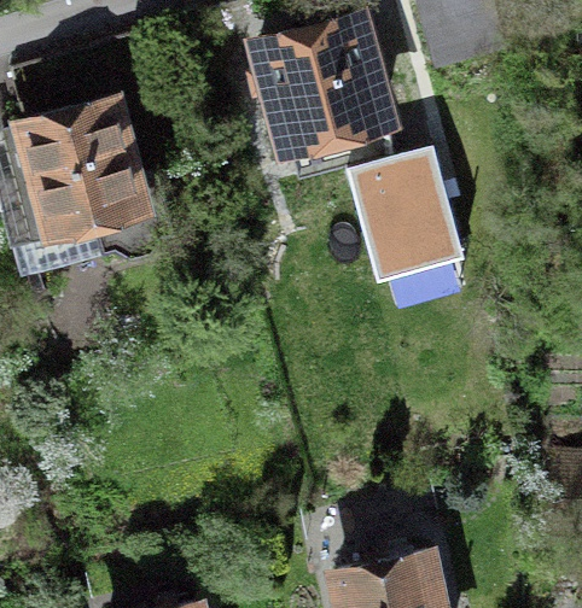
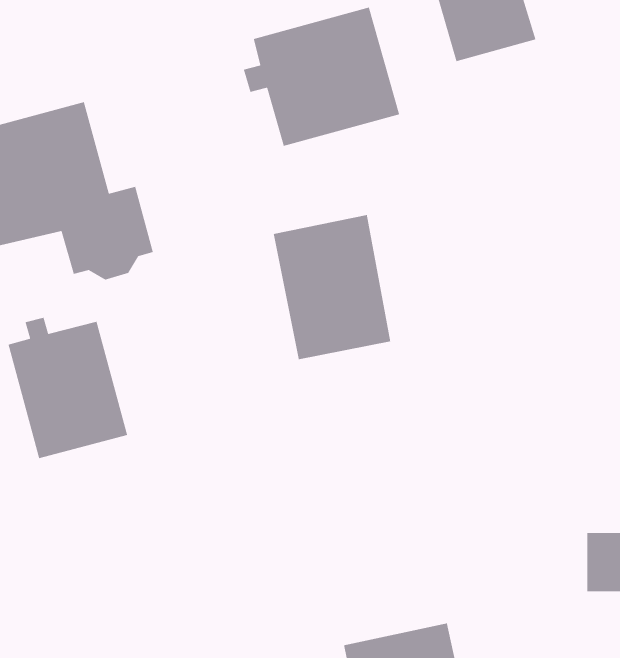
building: [351,127,454,253] -> [273,214,391,360]
building: none -> [7,317,128,459]

